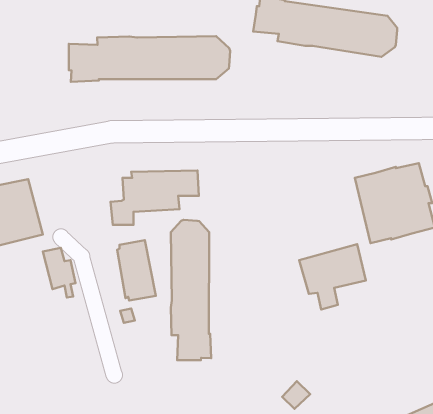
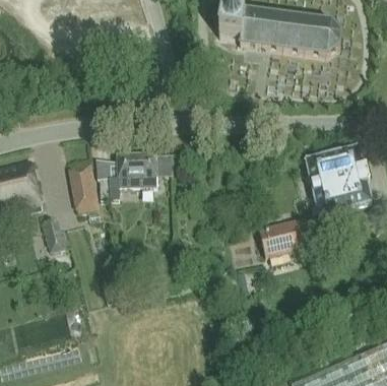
building: [69,36,230,82] -> none
building: [171,220,211,360] -> none
building: [117,240,156,301] -> [67,159,100,210]

